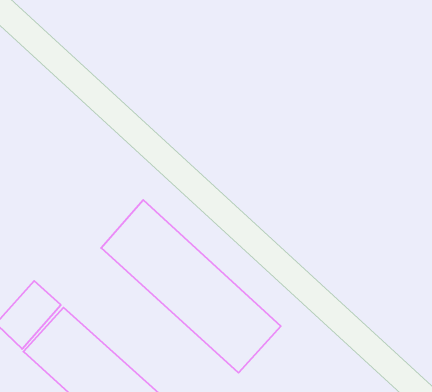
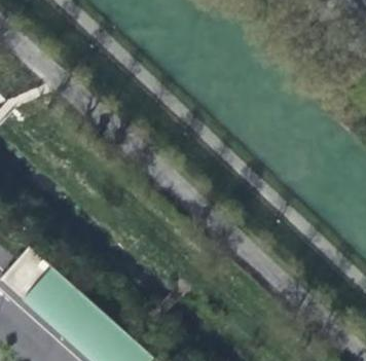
building: [101,200,281,373] -> none

